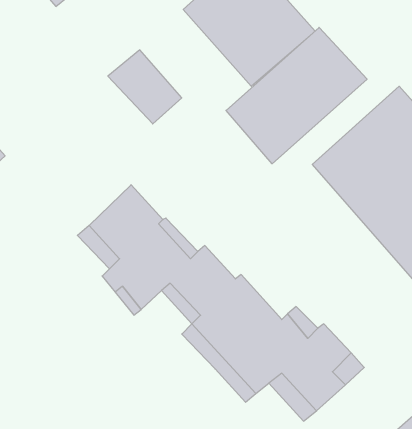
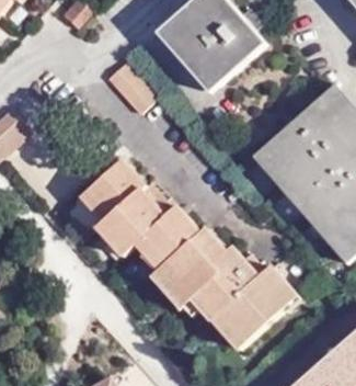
building: [226,27,367,164] -> none

